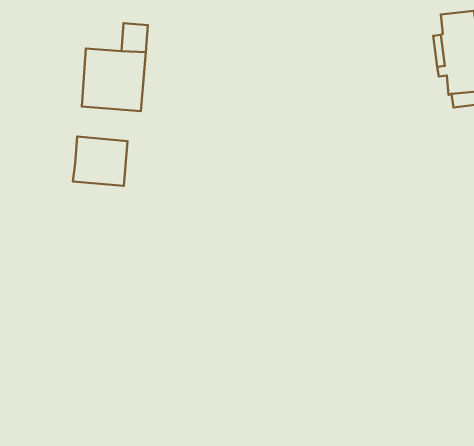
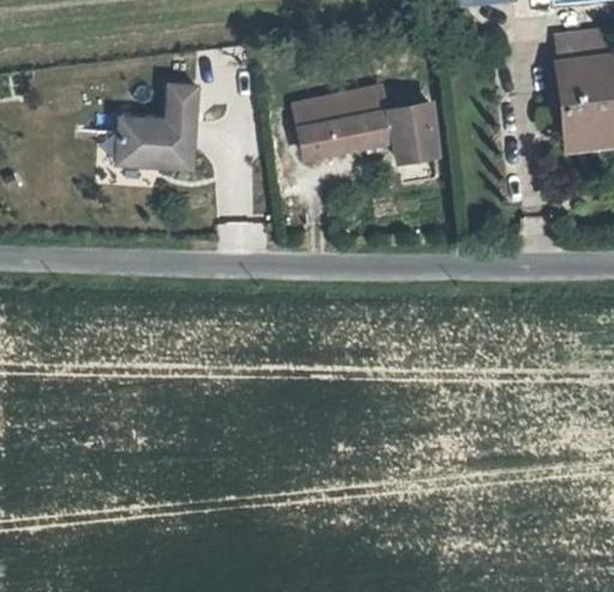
building: none -> [297,101,440,182]
building: [73,136,128,186] -> none

